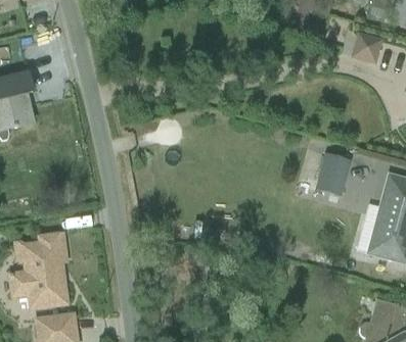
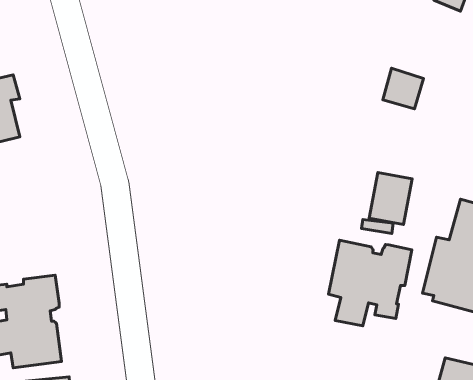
building: [351,31,384,63] -> [383,68,423,109]
building: none -> [328,240,412,326]

